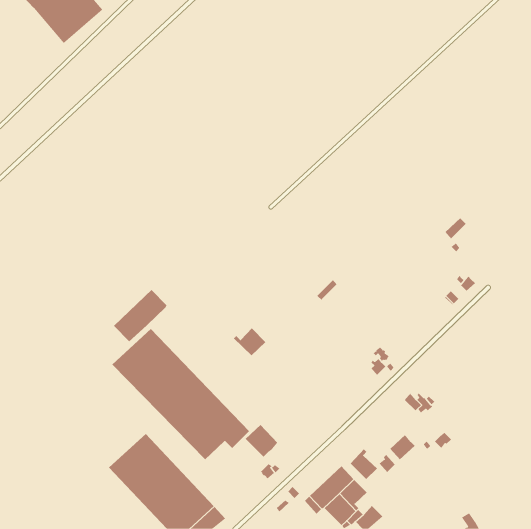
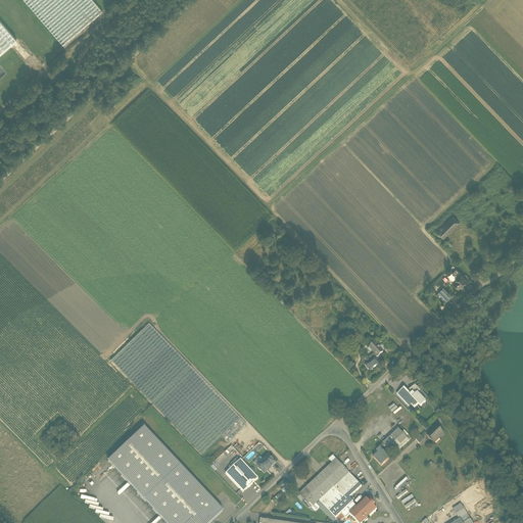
building: [113,289,167,342] -> none
building: [233,328,266,356] -> none
building: [245,424,278,458] -> [224,457,256,489]
building: [350,448,378,480] -> none

